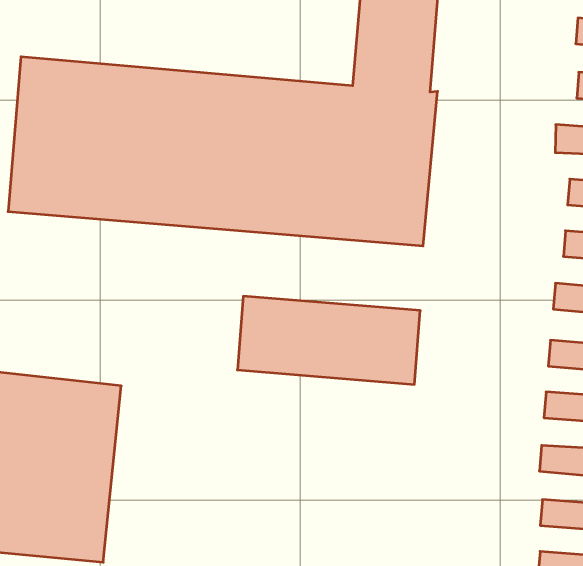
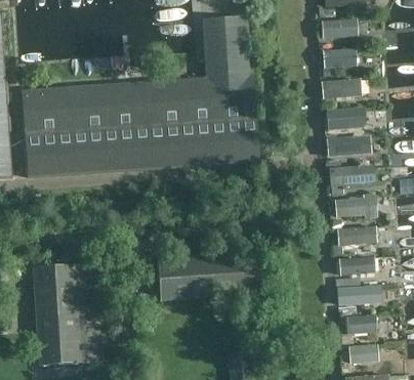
building: [237,296,420,384] -> [156,251,257,299]

